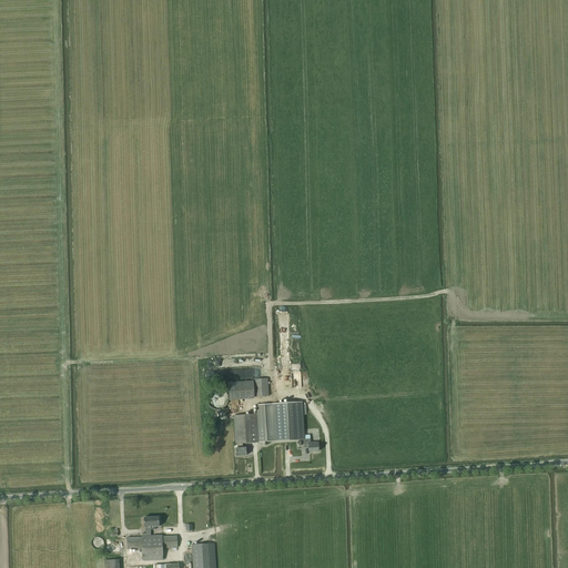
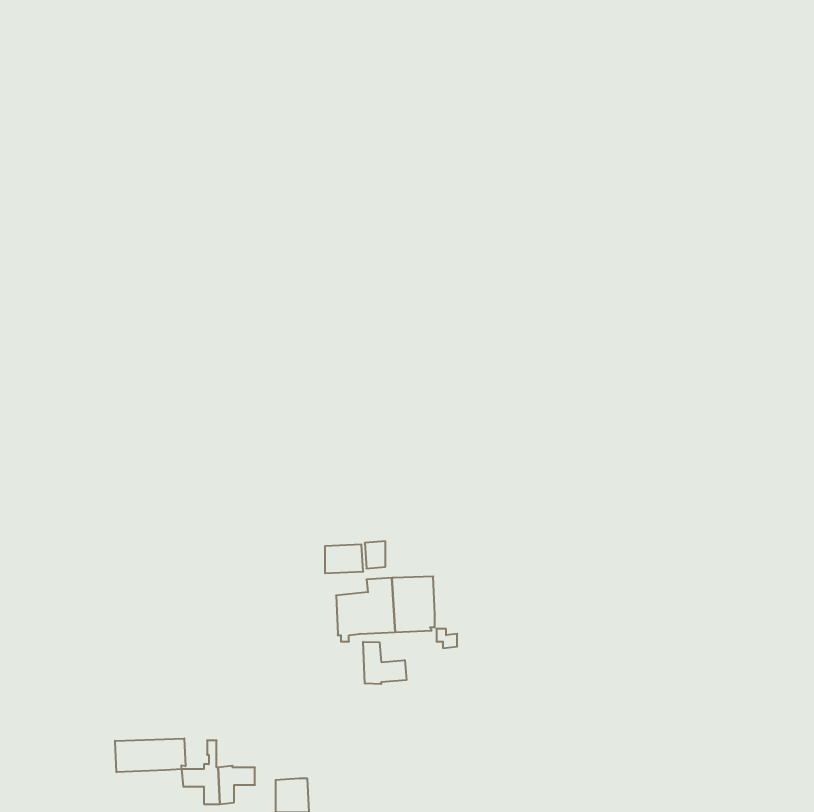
building: none -> [363,642,406,684]
building: none -> [115,738,185,772]

